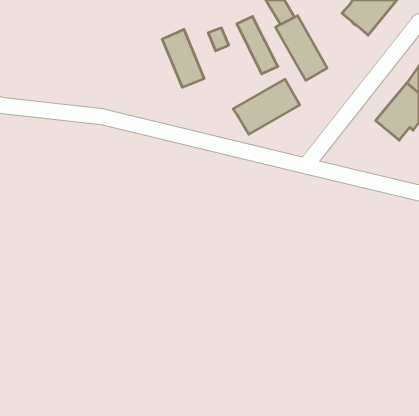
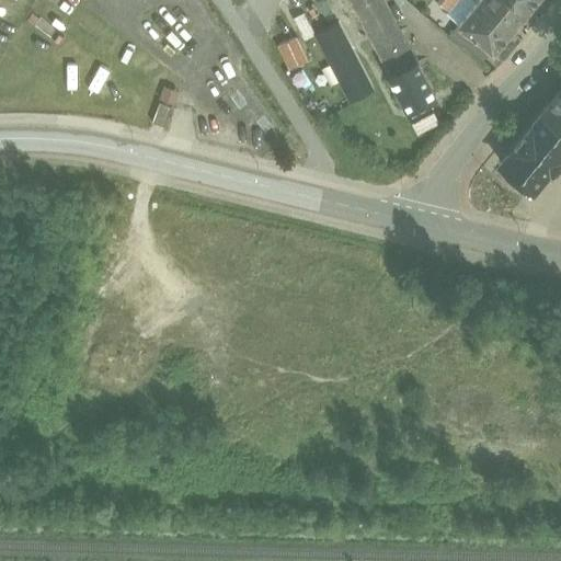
building: [162,29,204,87] -> none
building: [233,79,300,134] -> none

